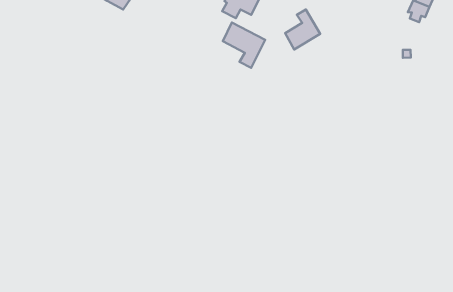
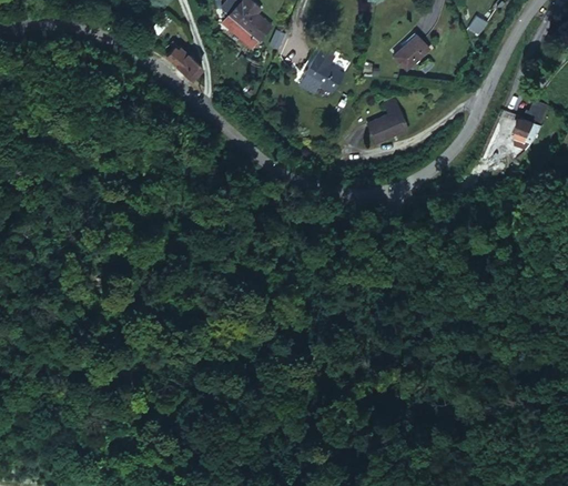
building: [223,23,265,68] -> none

